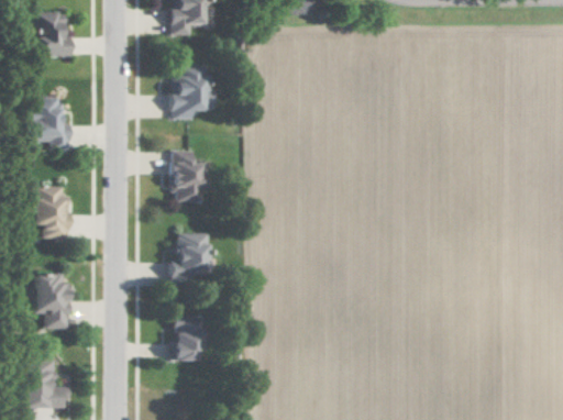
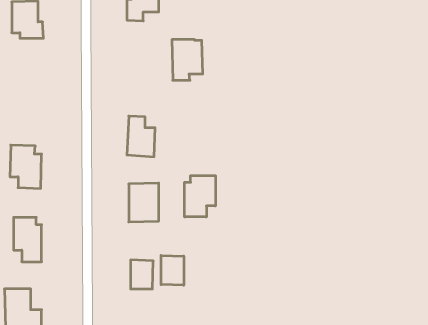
building: [173,69,210,119] -> [172,40,203,80]
building: [25,97,68,146] -> none
building: none -> [185,176,215,217]
building: none -> [161,255,184,285]

